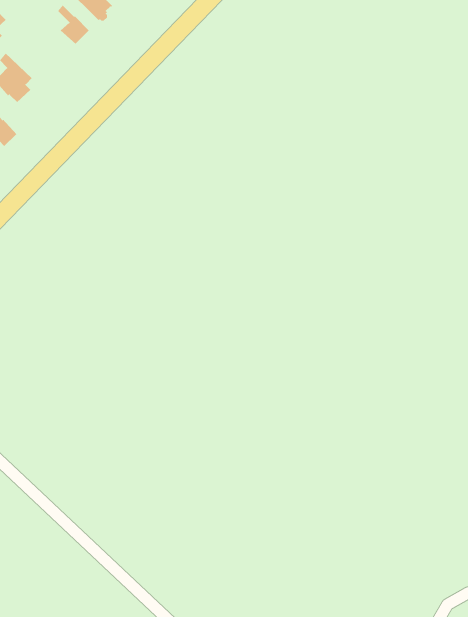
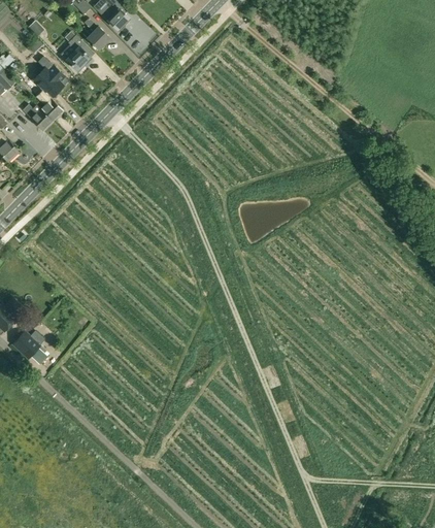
building: none -> [65,31,91,71]

